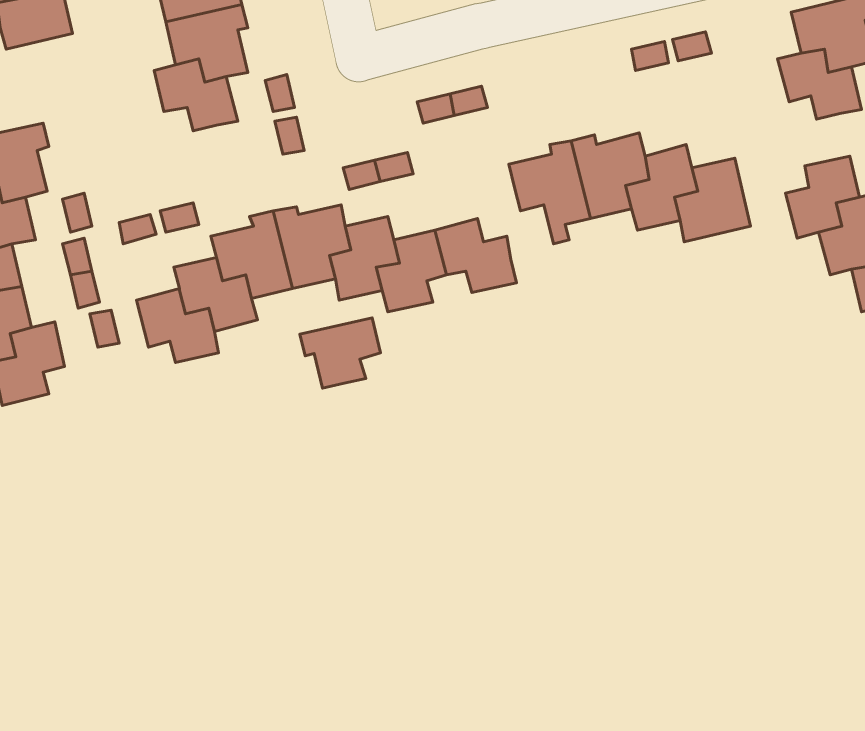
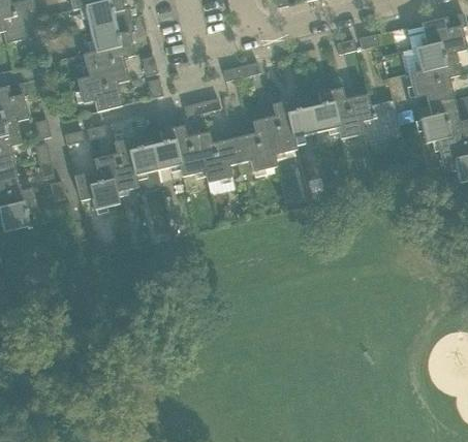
building: none -> [408,67,453,104]
building: none -> [76,73,122,112]
building: none -> [252,116,297,154]
building: [300,318,381,388] -> none

